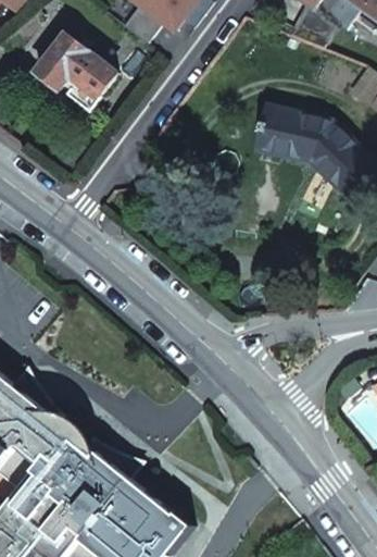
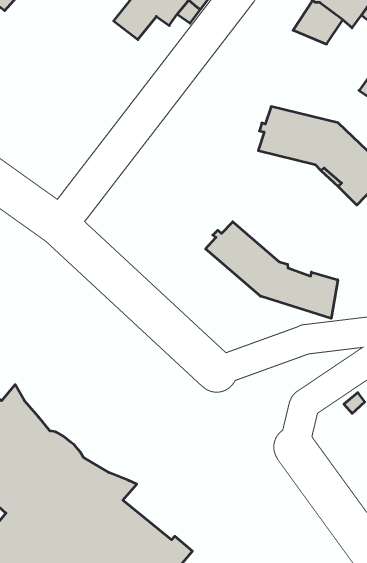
building: [35,36,115,98] -> none
building: none -> [206,222,338,318]

